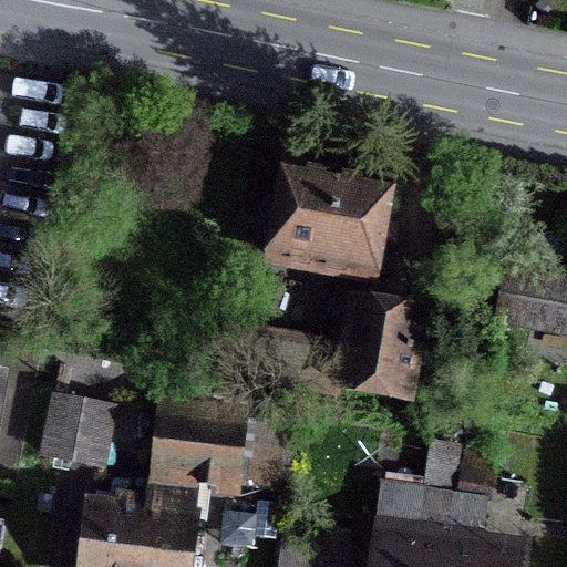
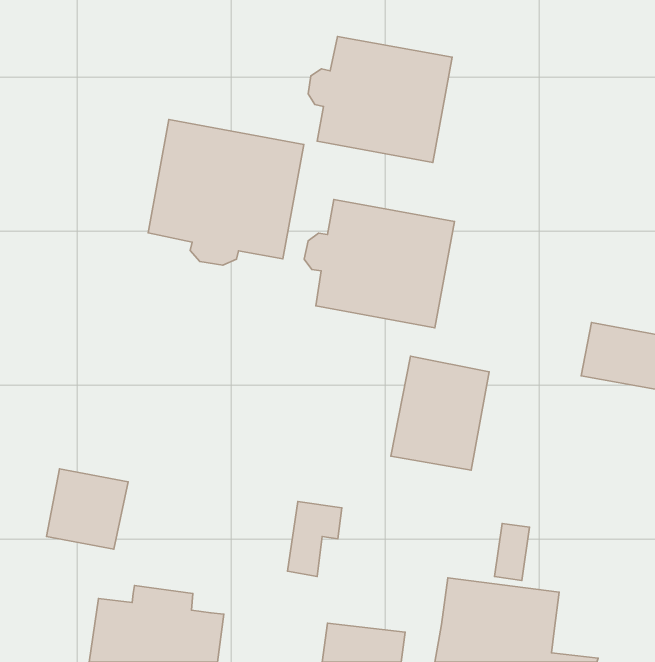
building: none -> [308,37,452,162]
building: none -> [148,120,304,265]
building: [155,412,245,492] -> none

